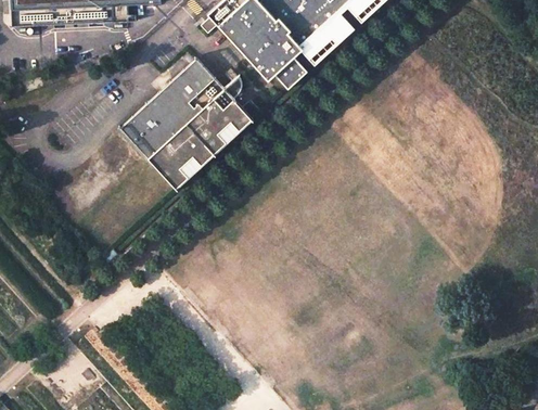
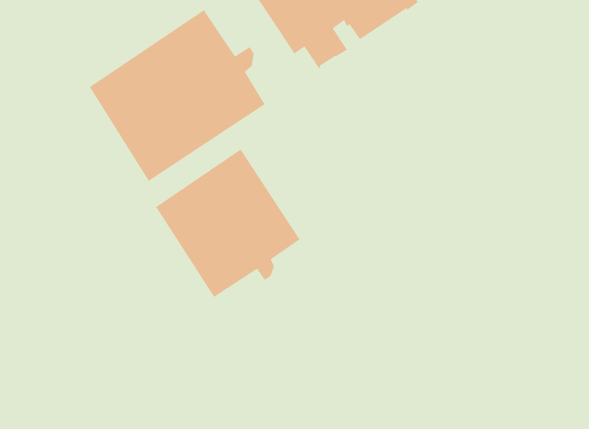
building: none -> [155,148,301,298]

